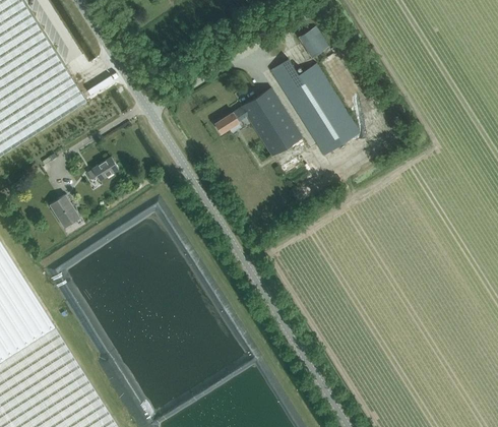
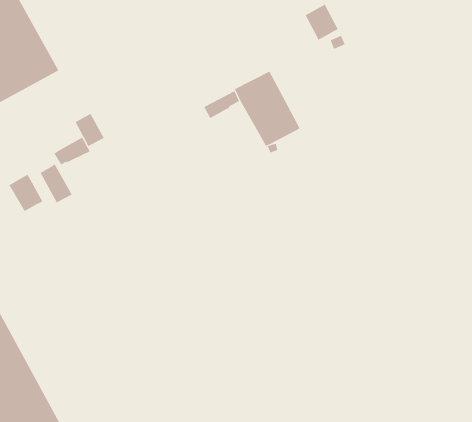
building: [269,59,359,155] -> none
building: none -> [75,113,105,147]
building: none -> [40,164,72,203]

